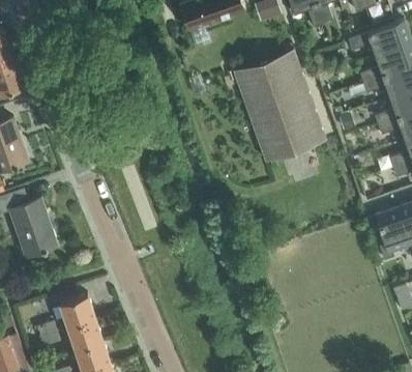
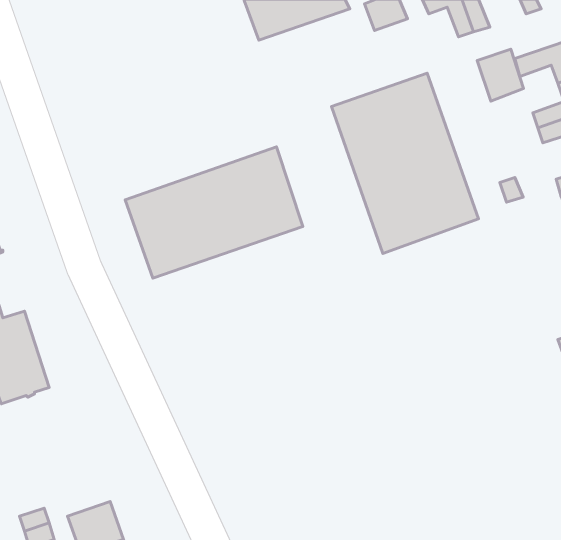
building: none -> [477,49,524,101]
building: none -> [125,147,303,278]
building: [60,294,94,326] -> none

